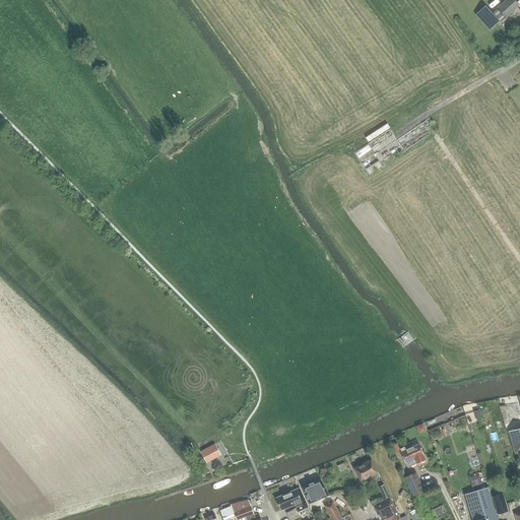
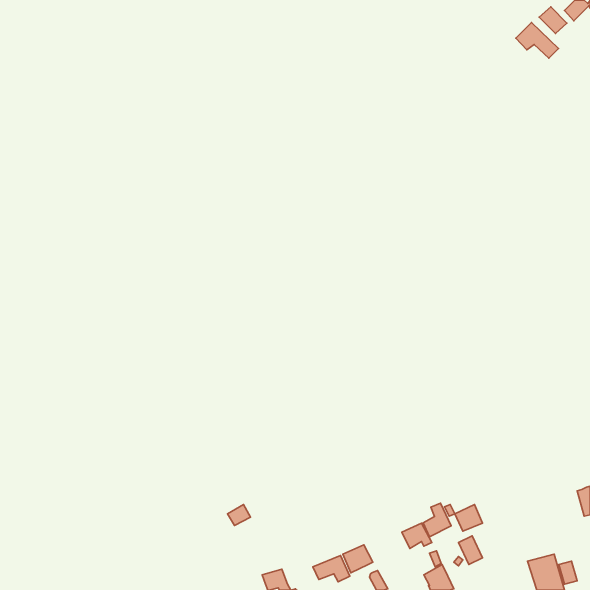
building: none -> [516,23,559,58]
building: none -> [423,503,451,537]

